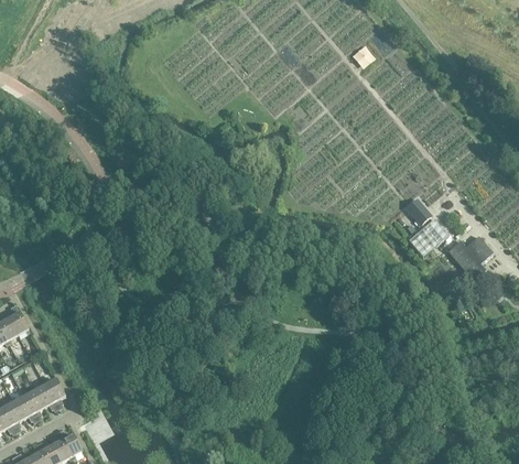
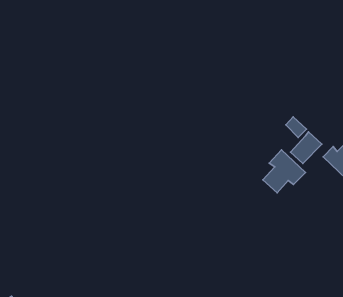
building: none -> [263,150,305,193]

